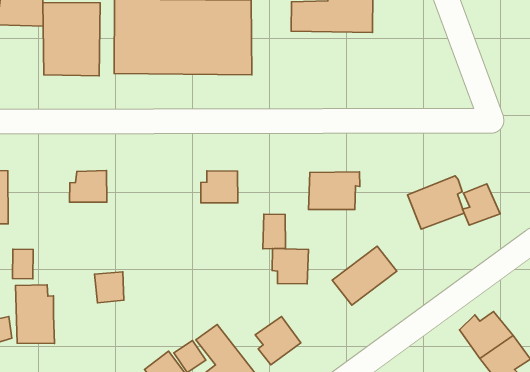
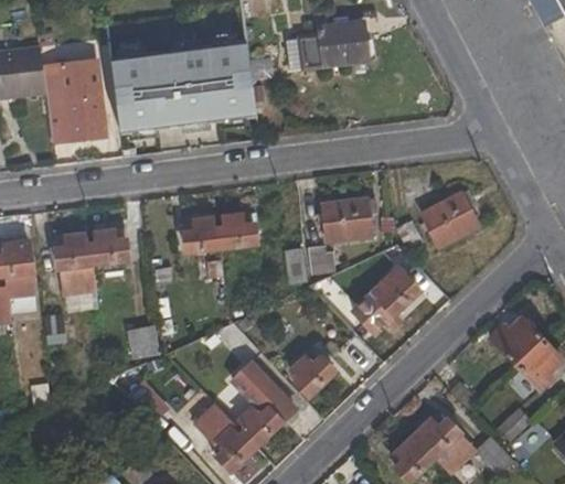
building: none -> [185,216,222,250]
building: [463,184,500,225] -> none
building: [272,249,308,284] -> none
building: [15,285,54,343] -> [53,234,98,294]

